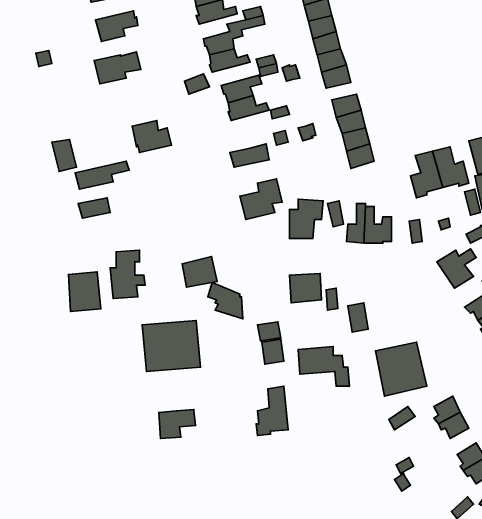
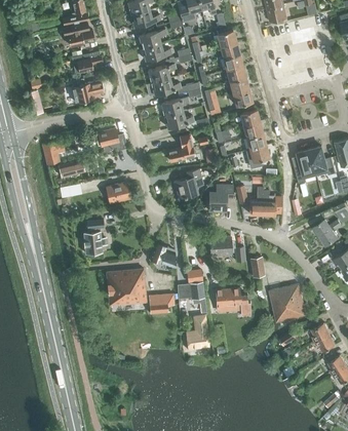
building: [182,257,217,287] -> [105,182,129,203]
building: [68,272,101,312] -> none
building: [159,409,195,439] -> [148,293,173,314]

